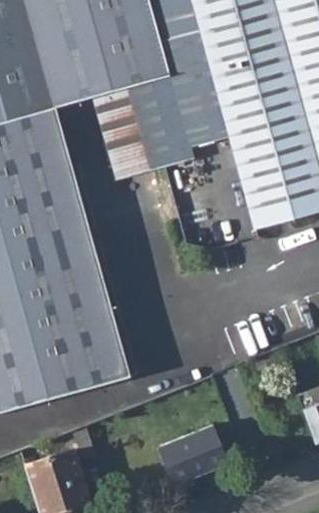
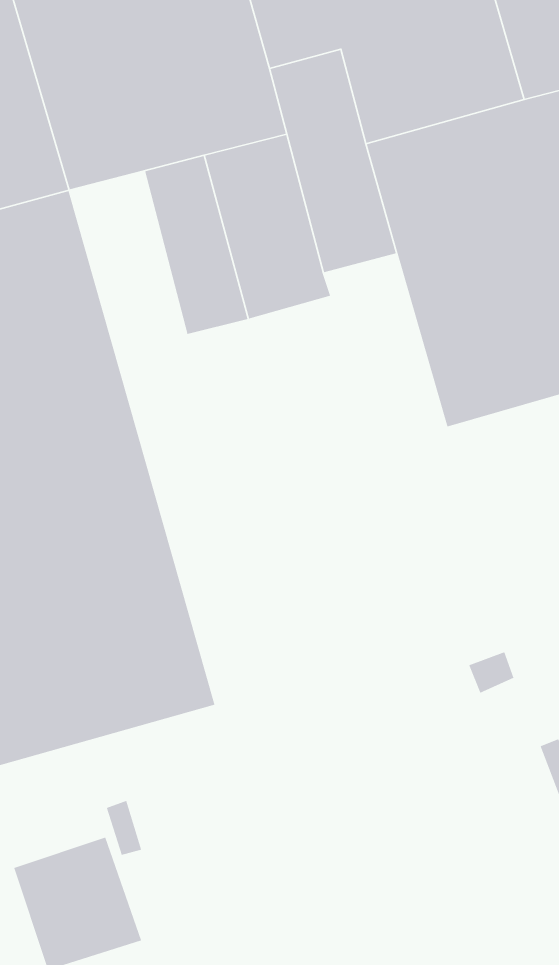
building: [163,421,232,481] -> none

